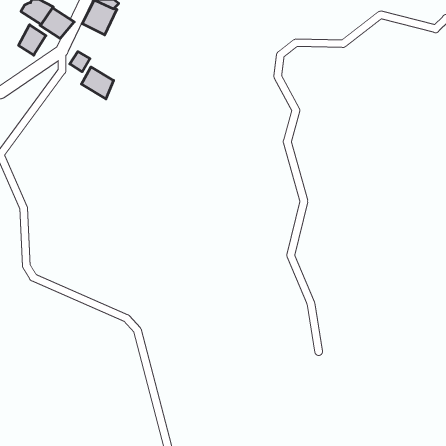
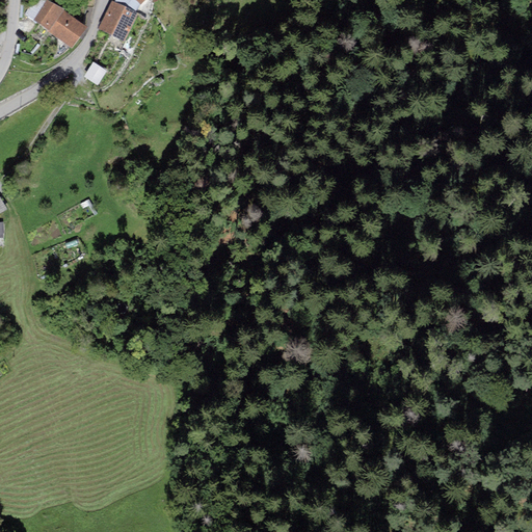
building: [19,25,46,55] -> none
building: [81,67,114,99] -> none

